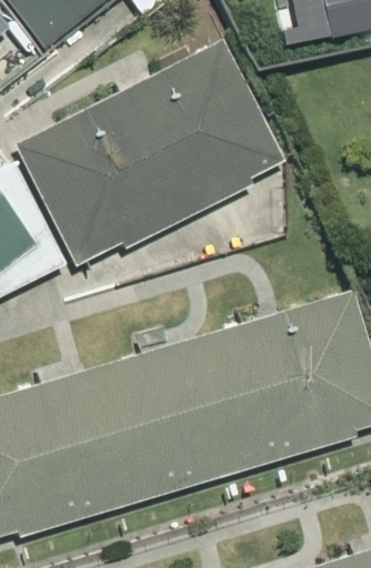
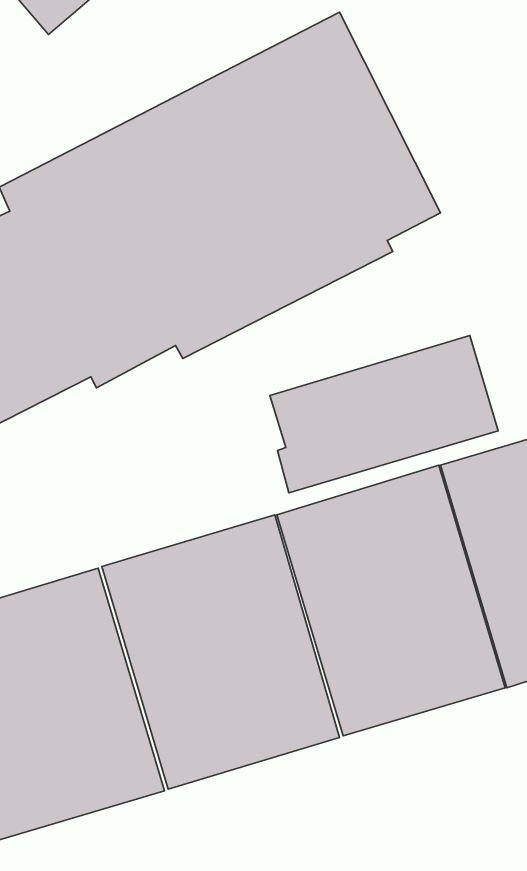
building: none -> [270,335,498,493]

